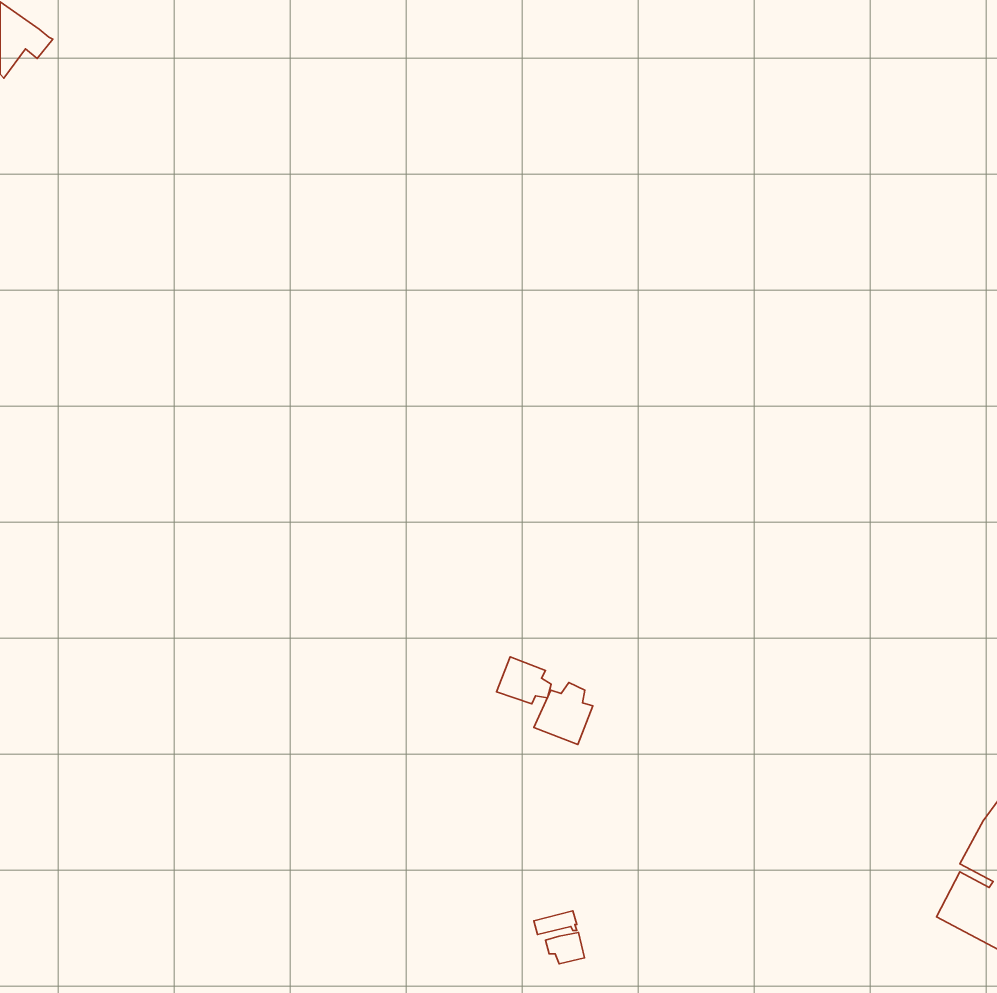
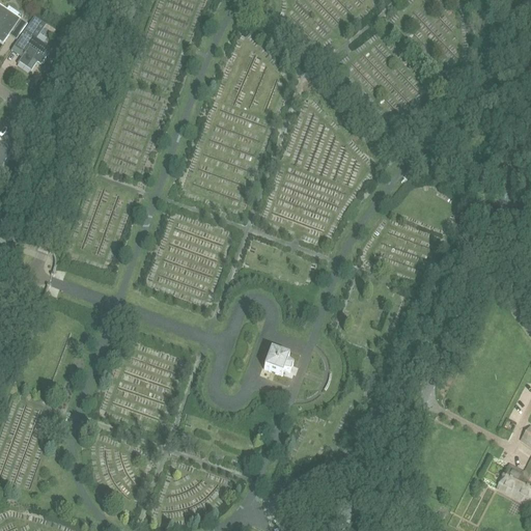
building: none -> [10,15,53,67]
building: [534,683,593,744] -> none

